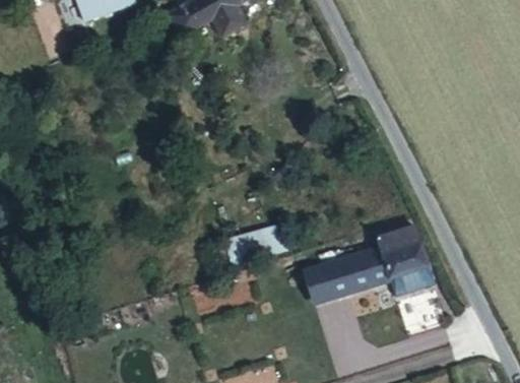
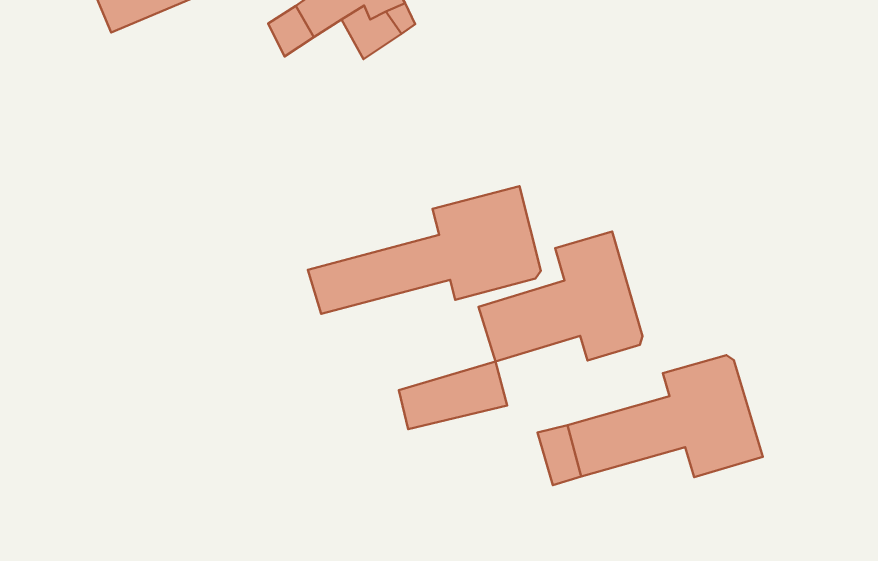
building: none -> [308,186,541,314]
building: none -> [479,231,642,361]

